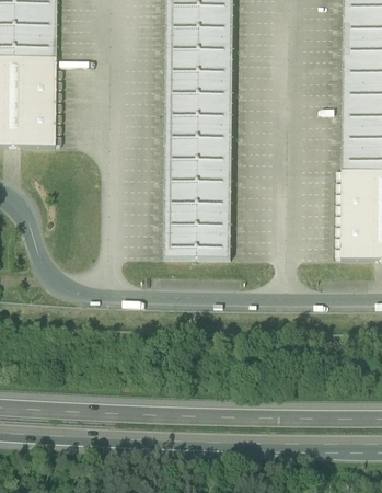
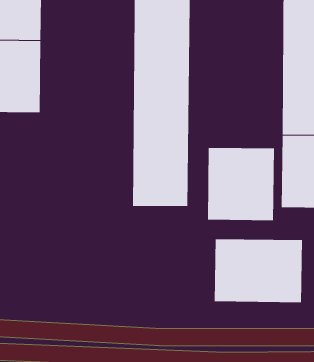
building: none -> [207,147,275,221]
building: none -> [214,238,302,303]

